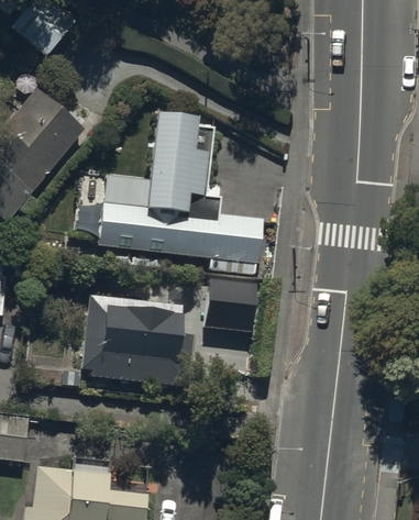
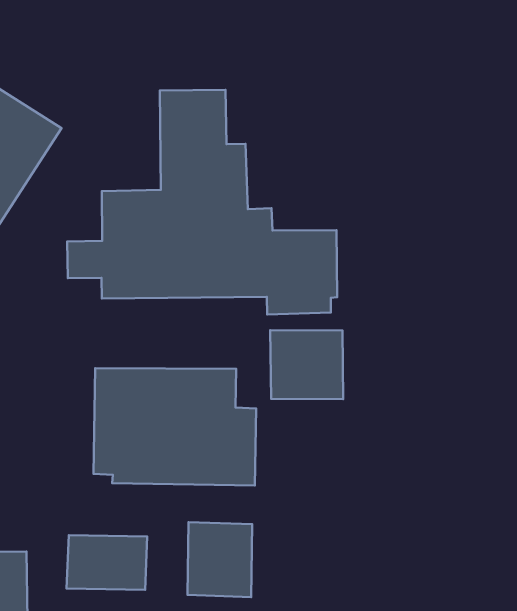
building: none -> [187,522,252,597]
building: none -> [67,535,147,590]

